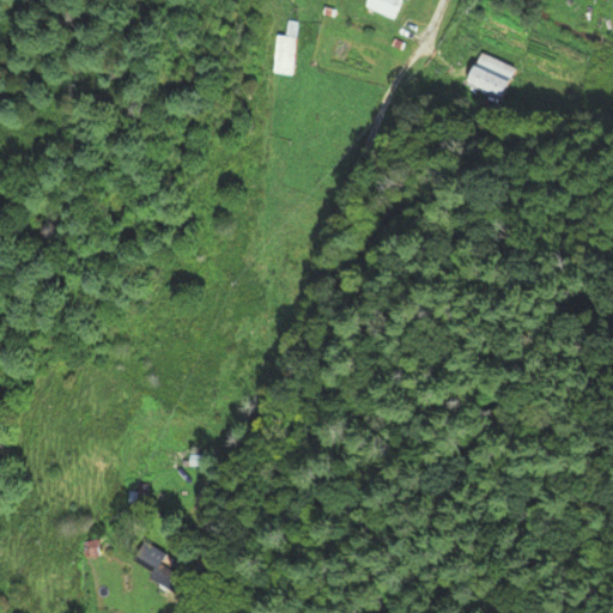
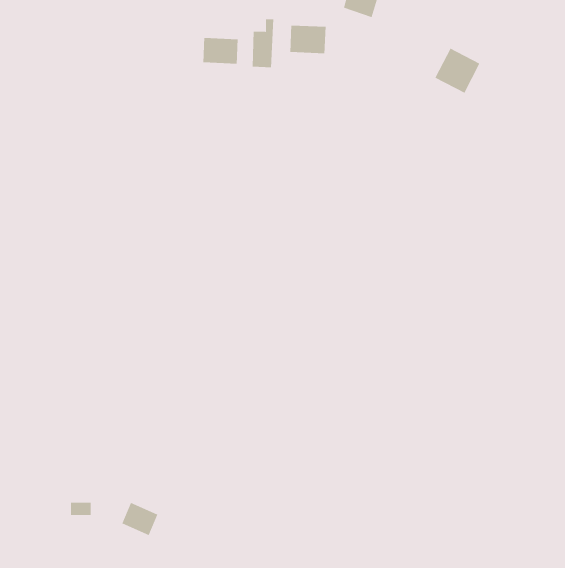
building: none -> [290,25,326,54]
building: none -> [203,37,238,64]

